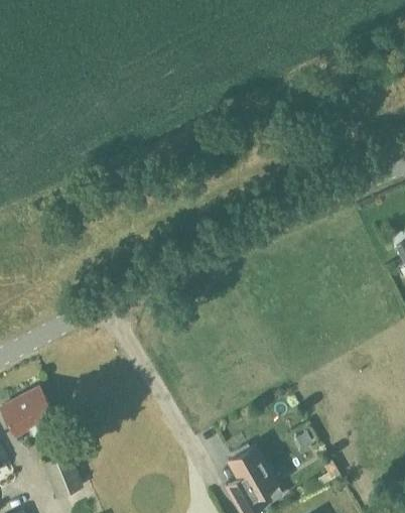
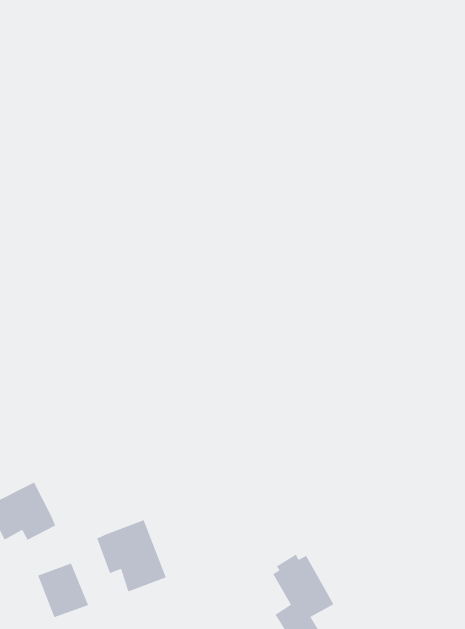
building: none -> [96,519,167,593]

